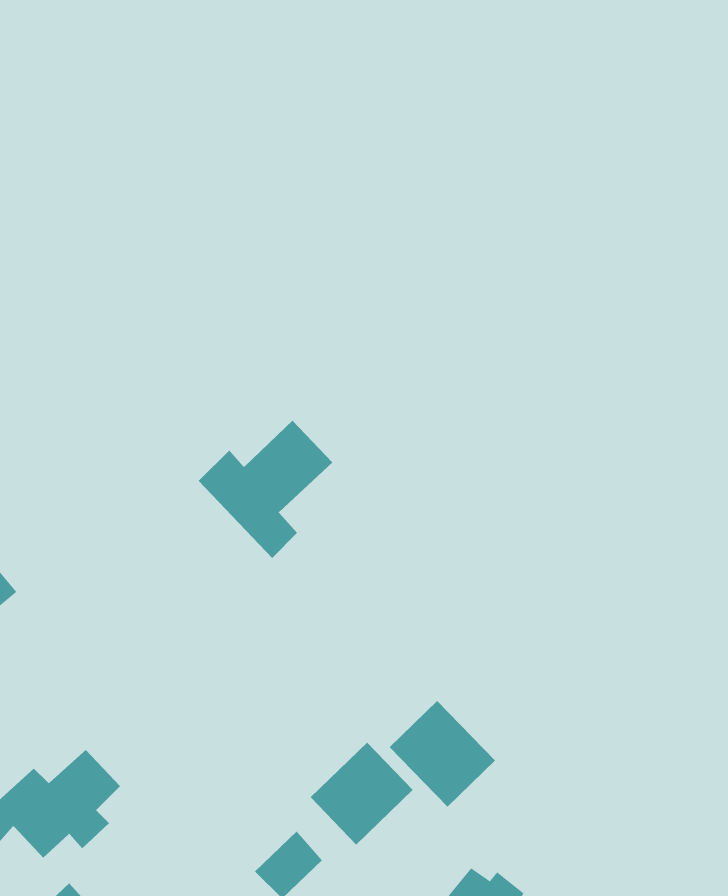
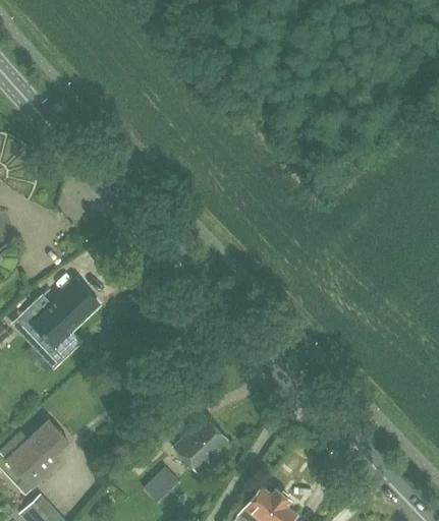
building: [198,420,333,559] -> [22,282,97,358]
building: [389,700,496,807] -> none

